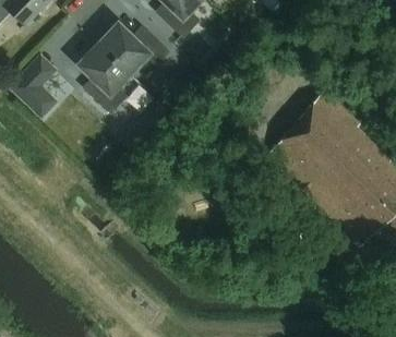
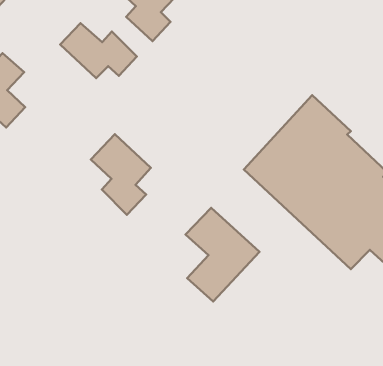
building: [75,41,130,115] -> [91,134,151,215]
building: none -> [186,208,260,302]

